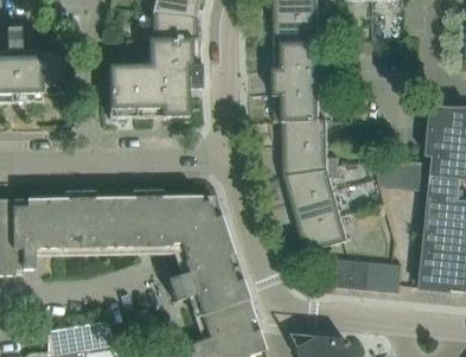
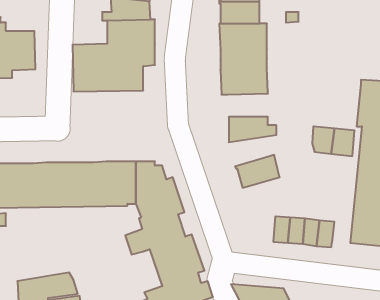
building: [282,120,327,146] -> none
building: [283,166,339,202] -> none
building: [299,213,347,250] -> none

